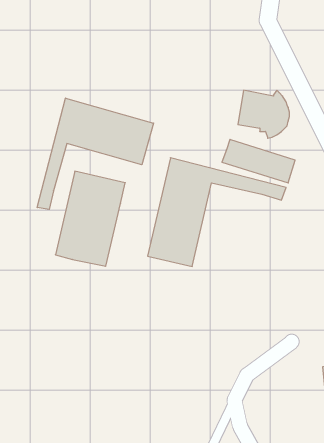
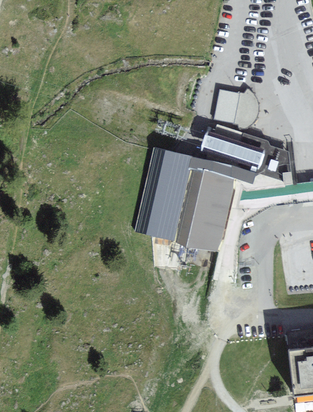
building: [37,98,154,209] -> none
building: [55,171,125,266] -> [174,169,235,252]

